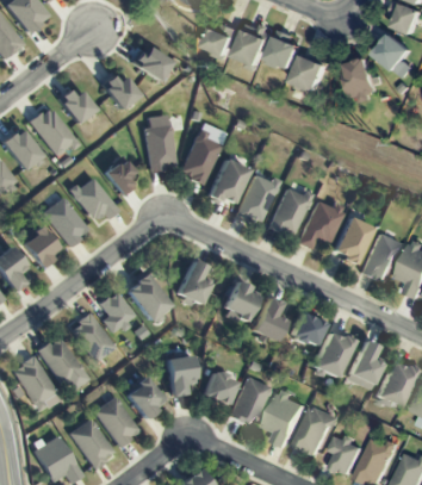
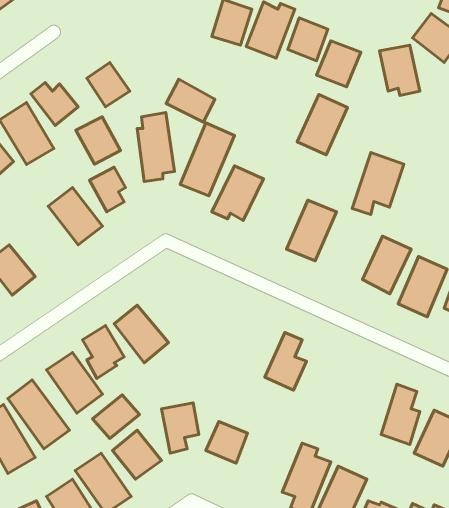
building: [129,44,169,80] -> [166,79,215,122]
building: none -> [76,117,121,164]
building: [236,173,278,223] -> [297,95,348,155]
building: [43,198,89,247] -> none
building: [299,199,342,250] -> [352,153,404,214]
building: [176,260,210,306] -> none
building: [223,280,256,323] -> none
building: [291,313,323,347] -> none
building: [312,331,352,378] -> none
building: none -> [93,395,140,439]
building: [229,377,271,427] -> none

